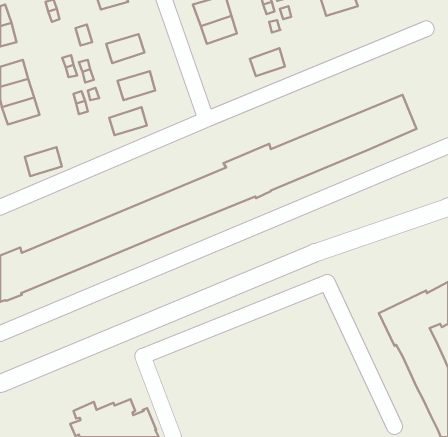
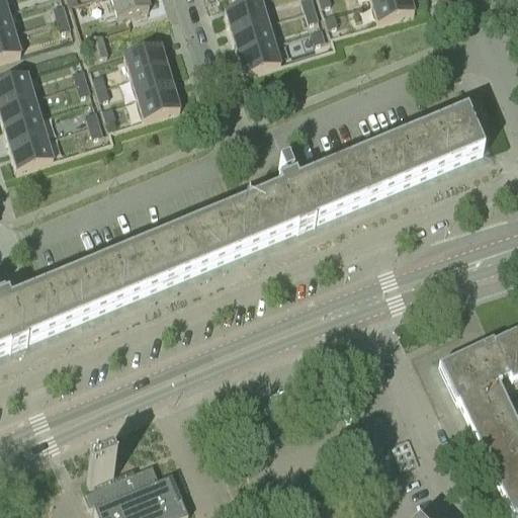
building: [250,48,285,76] -> [239,38,279,71]
building: [109,107,147,135] -> [130,61,173,93]
building: [25,147,62,176] -> [9,133,52,166]

